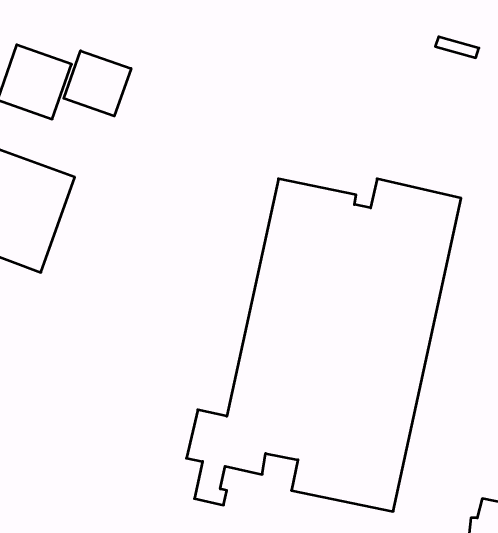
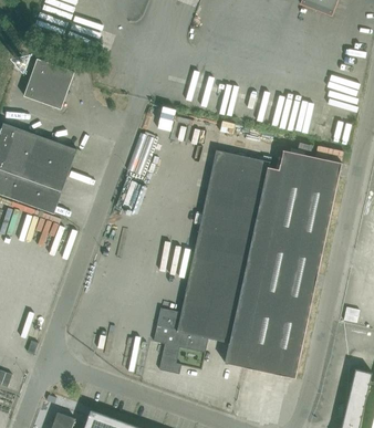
building: [64,51,131,116] -> none

